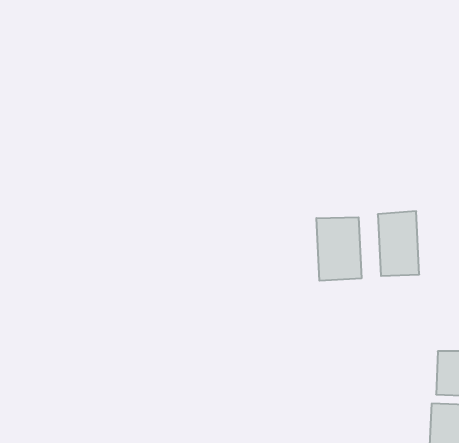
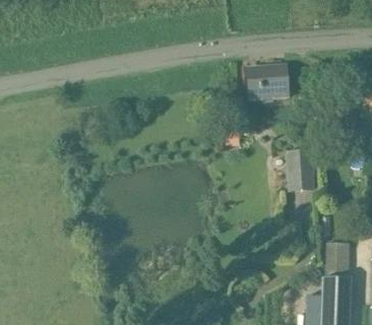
building: none -> [247,64,287,100]
building: [316,217,361,281] -> none

